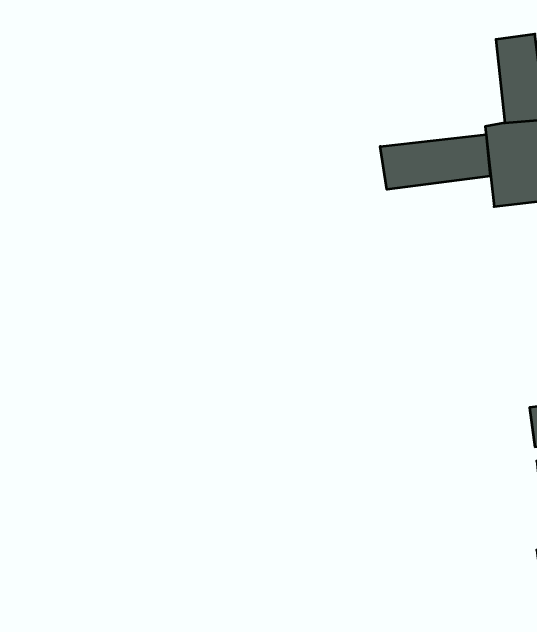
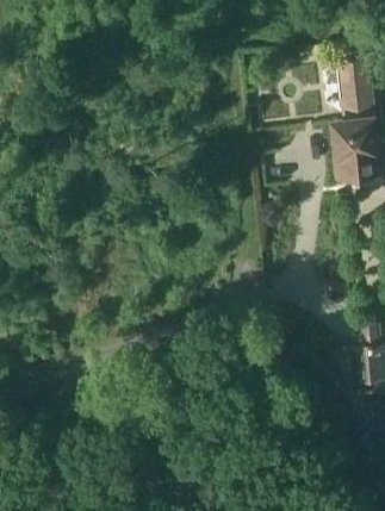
building: [380,135,490,189] -> none

